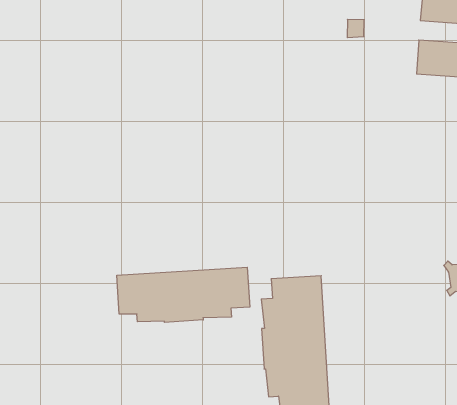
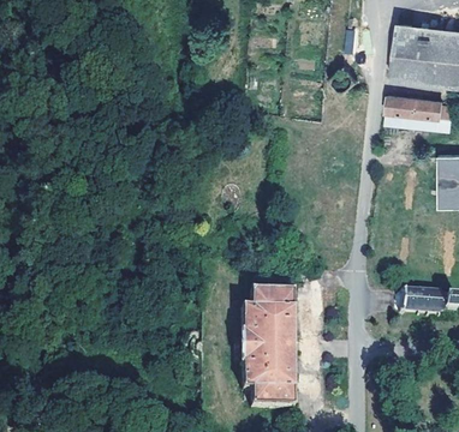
building: [117,267,250,322] -> none

